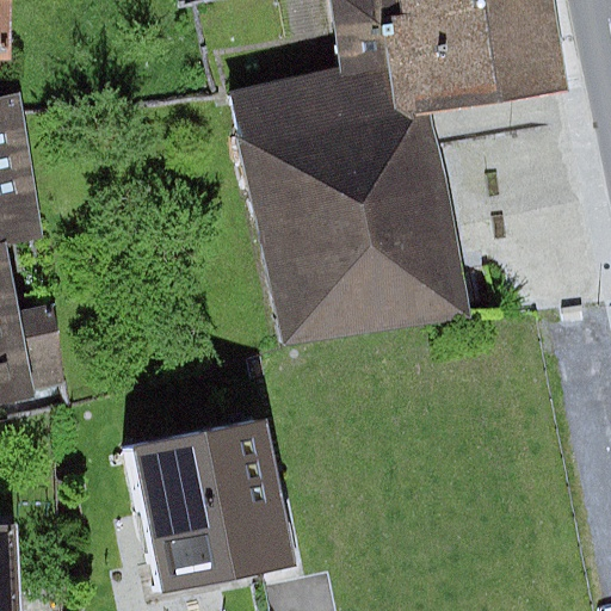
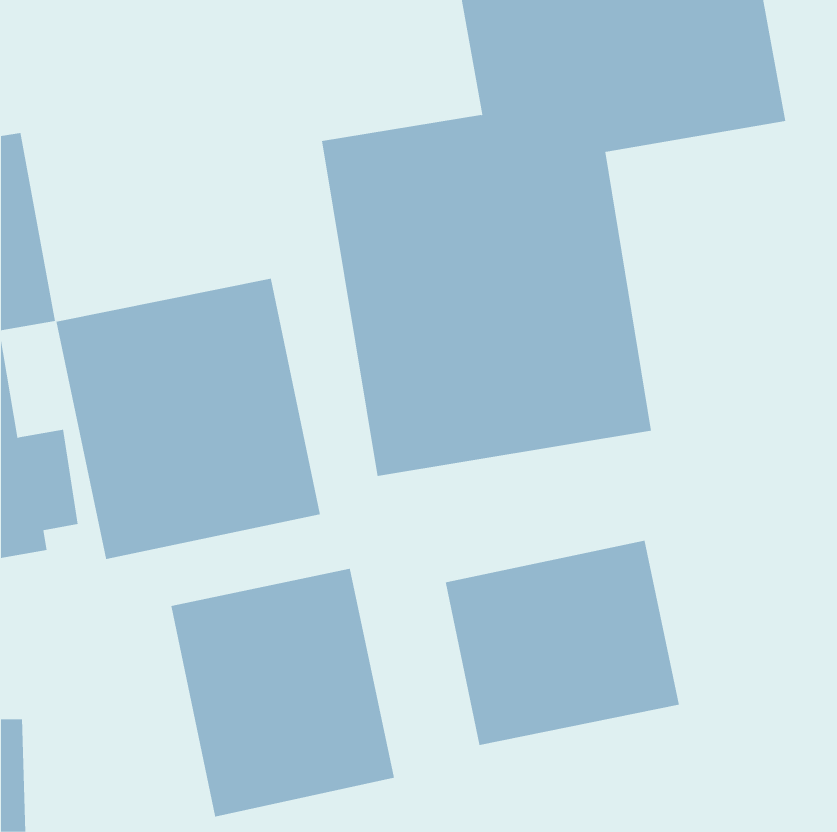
building: none -> [56,278,320,560]
building: none -> [445,540,679,746]

